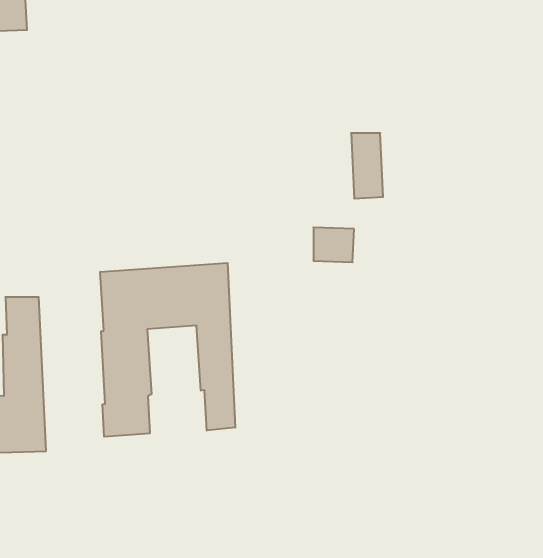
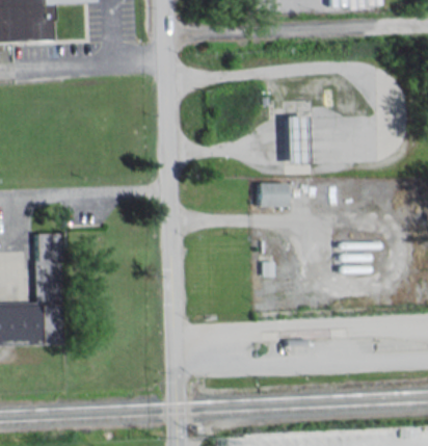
building: [100,263,235,437] -> none

